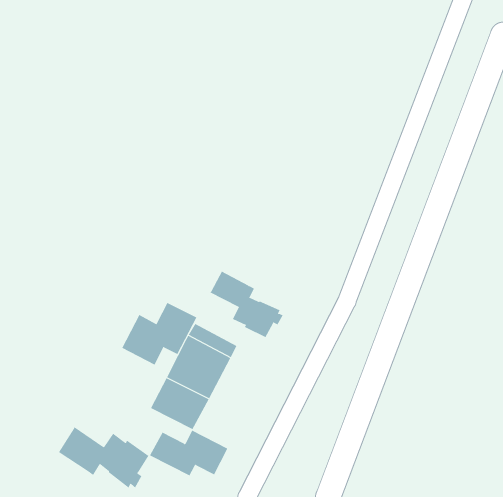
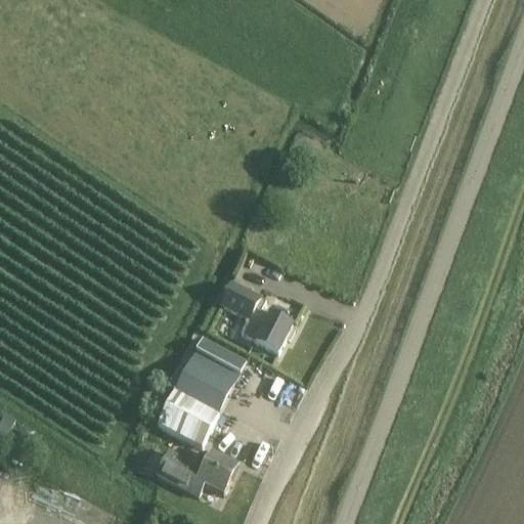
building: [122,302,197,365] -> none
building: [58,426,149,489] -> none

